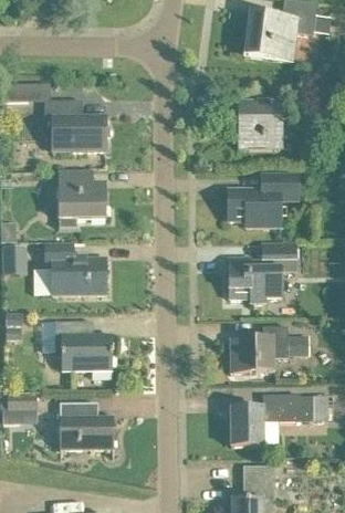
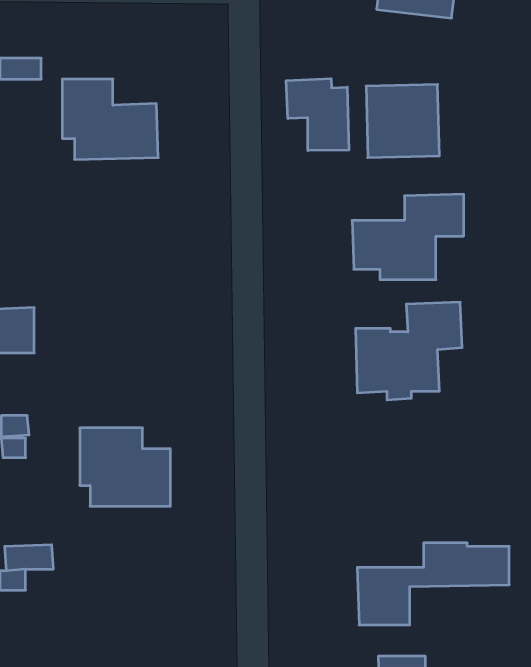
building: none -> [286,79,349,151]
building: [58,170,105,219] -> none
building: [43,242,106,295] -> none
building: [230,325,309,373] -> none
building: [58,401,113,451] -> none

